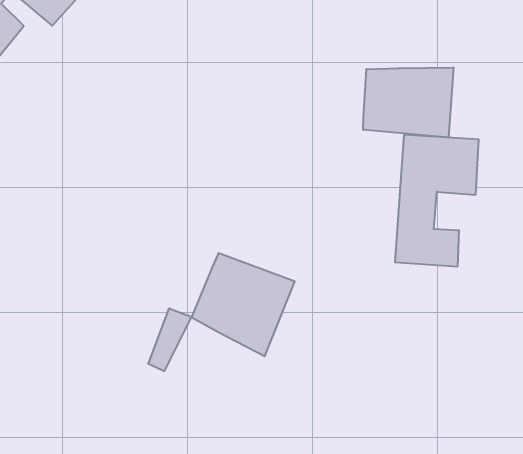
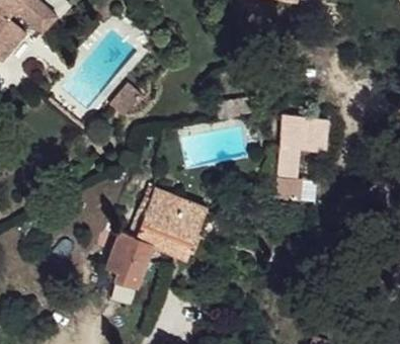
building: [363,67,453,138] -> none
building: none -> [113,236,153,290]

